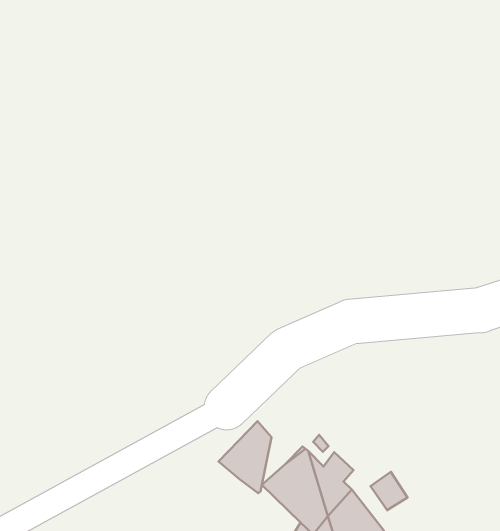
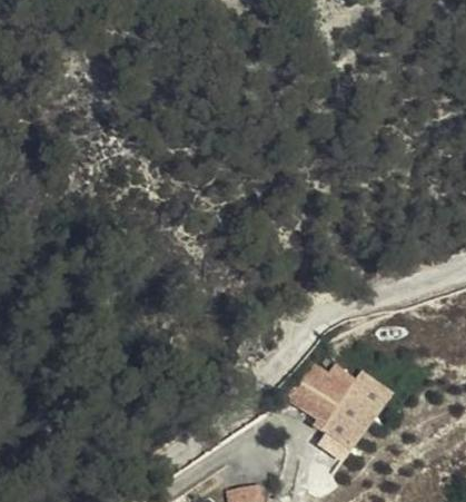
building: [218,421,271,493] -> none

